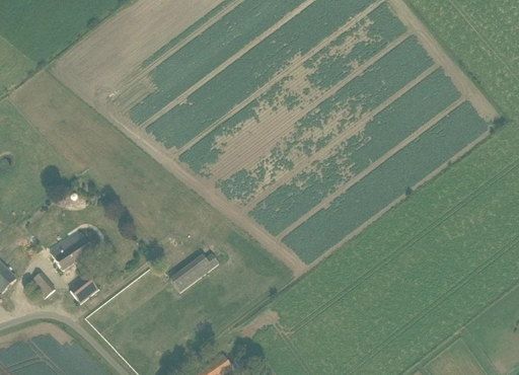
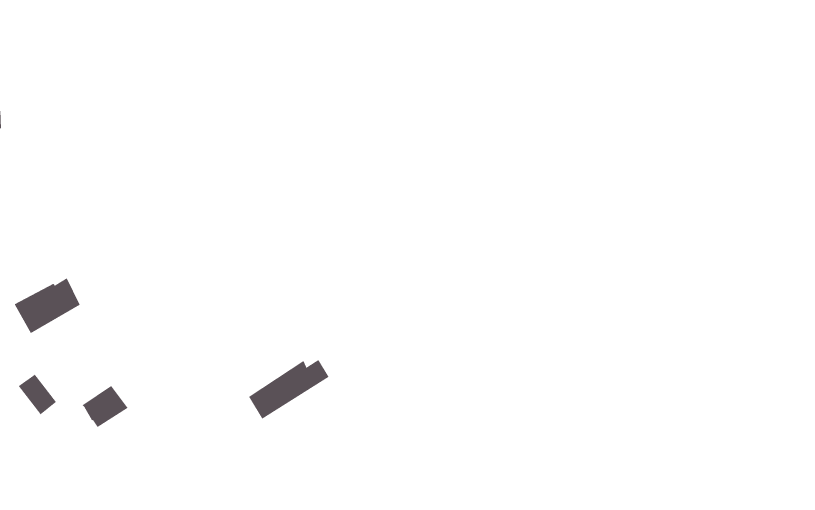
building: [50,233,90,269] -> [14,277,81,334]

